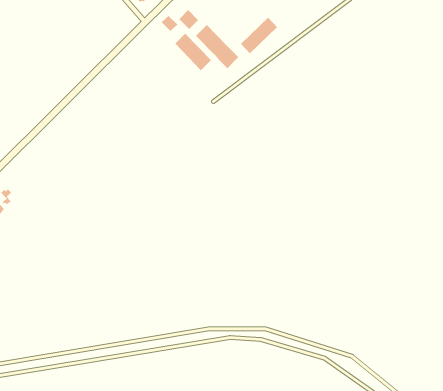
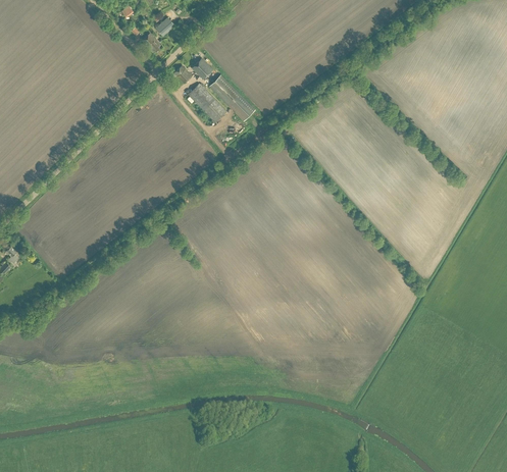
building: [240,17,278,54] -> none

